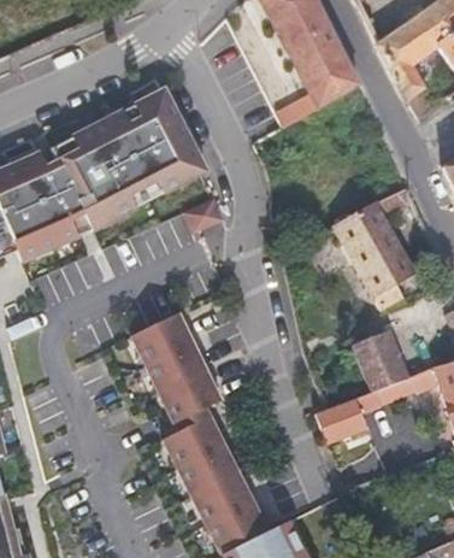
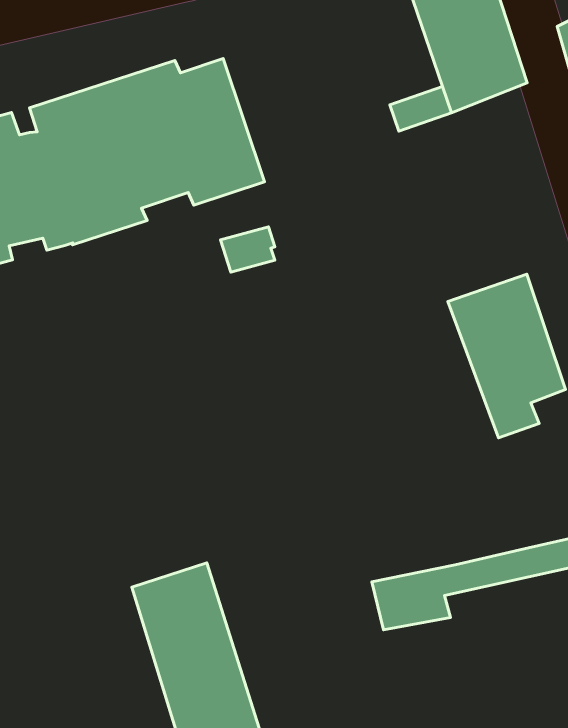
building: [131,315,219,423] -> none
building: [344,329,409,393] -> none

